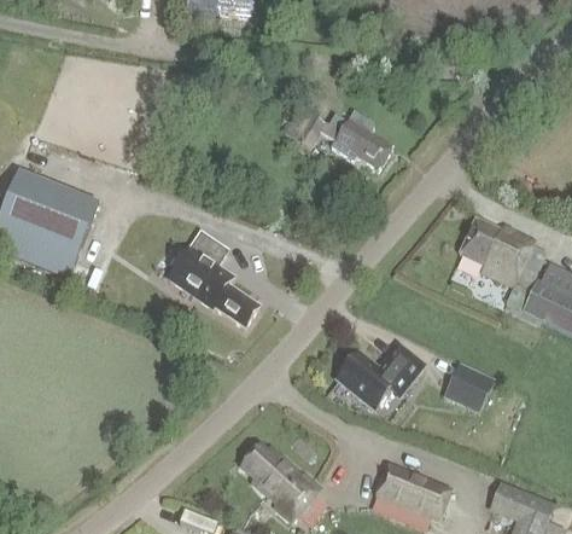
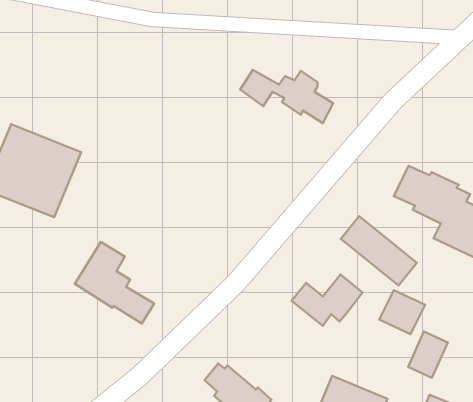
building: [167,227,258,321] -> [75,242,154,324]
building: none -> [341,216,417,286]
building: none -> [408,331,448,378]

